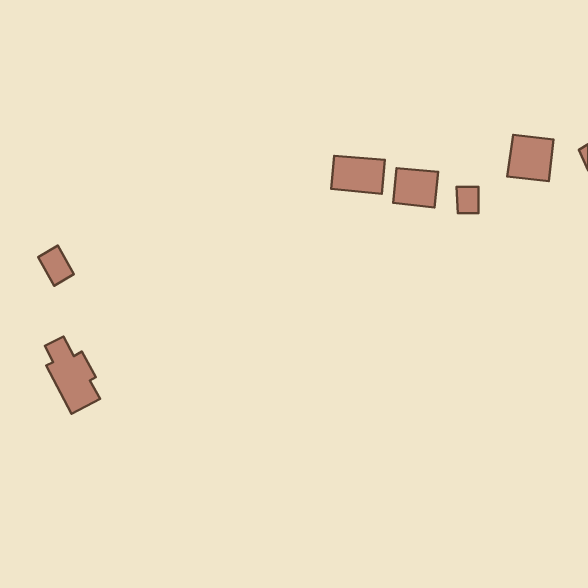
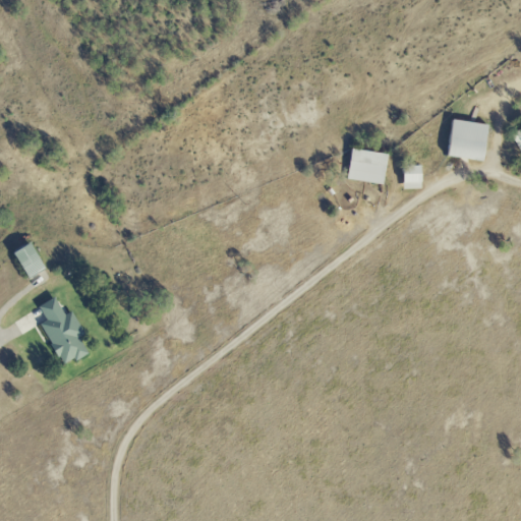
building: [331,156,385,194] -> none
building: [38,246,74,286] -> [14,242,46,278]

